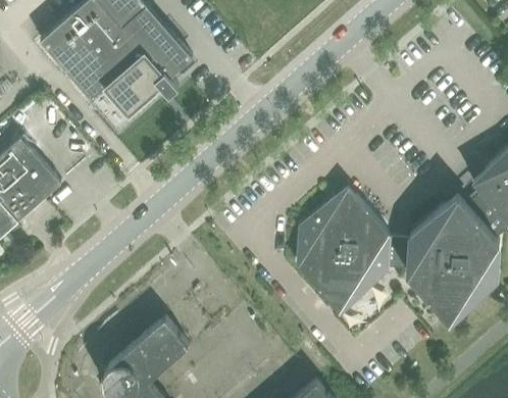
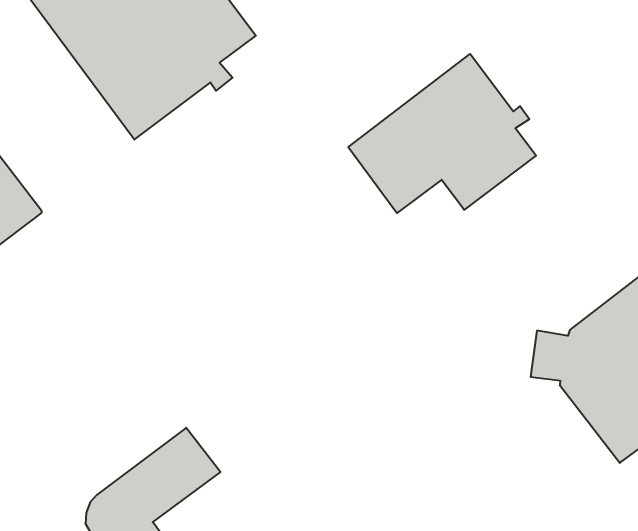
building: none -> [348,54,536,213]
building: [297,186,389,312] -> none

